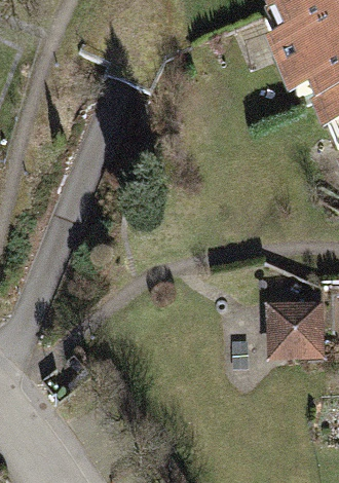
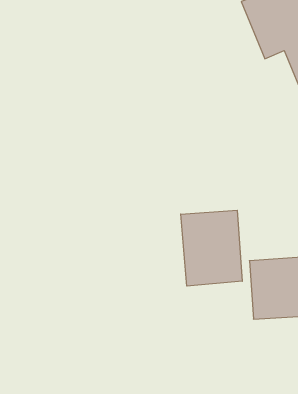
building: none -> [181,210,242,286]

